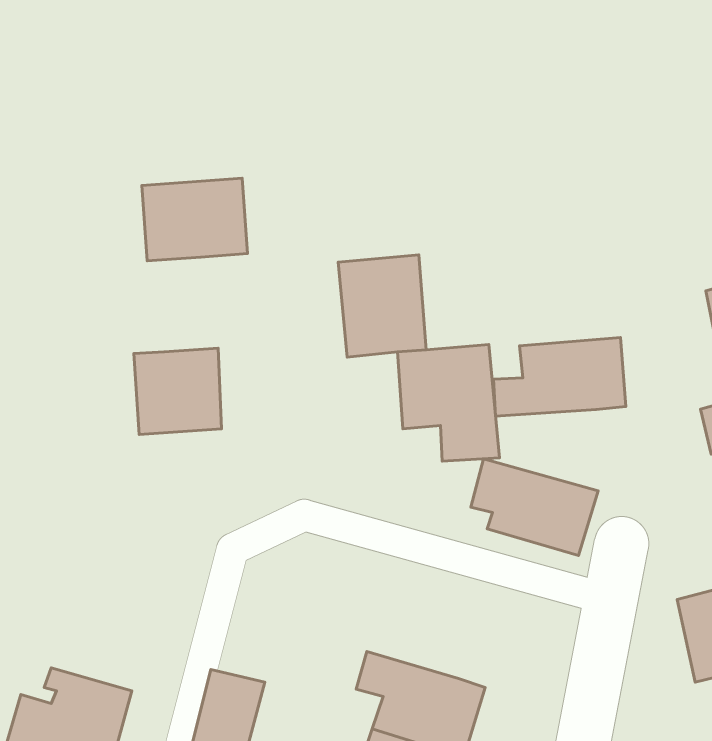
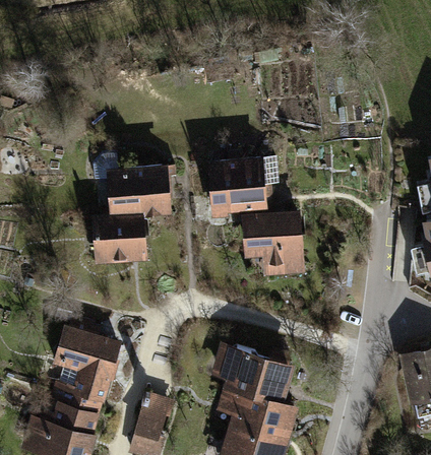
building: [142,178,248,261] -> [112,170,172,216]
building: [494,337,626,416] -> none
building: [471,459,598,556] -> [221,346,293,401]
building: none -> [50,319,119,408]

